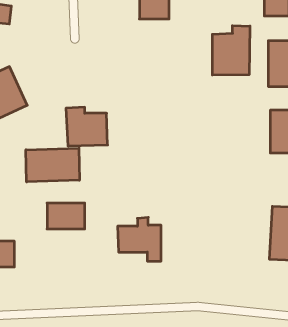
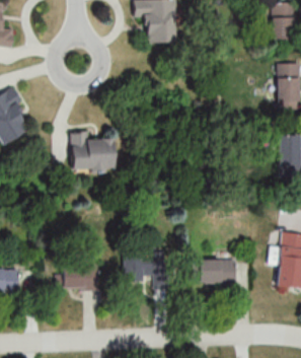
building: [212,26,250,75] -> none
building: [26,148,79,182] -> none
building: [47,203,85,229] -> [60,265,98,291]
building: none -> [193,261,234,283]

